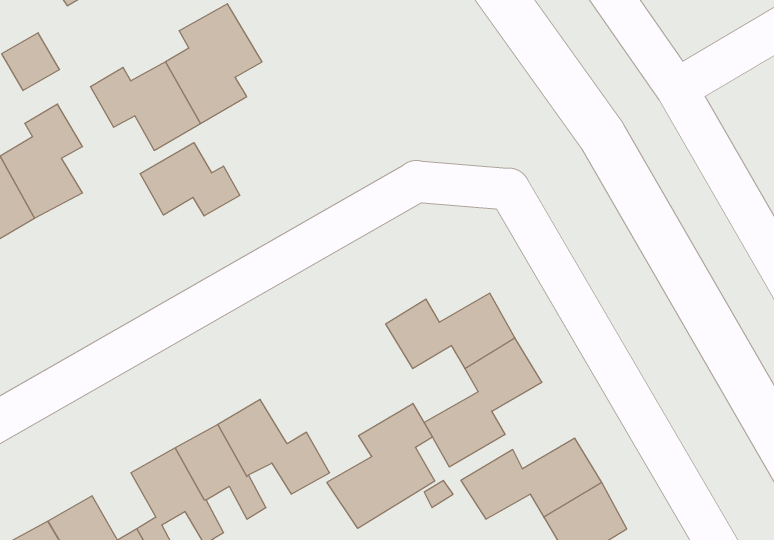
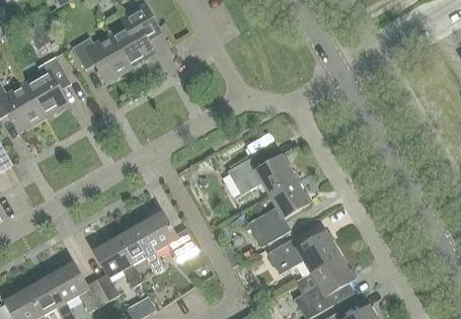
building: [140,143,240,216] -> none
building: [327,403,435,528] -> none

